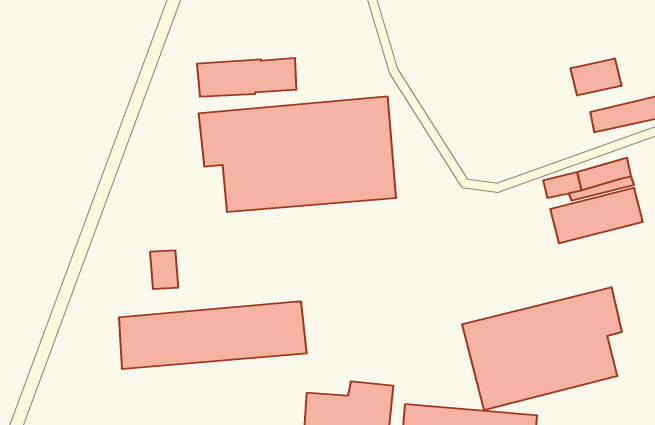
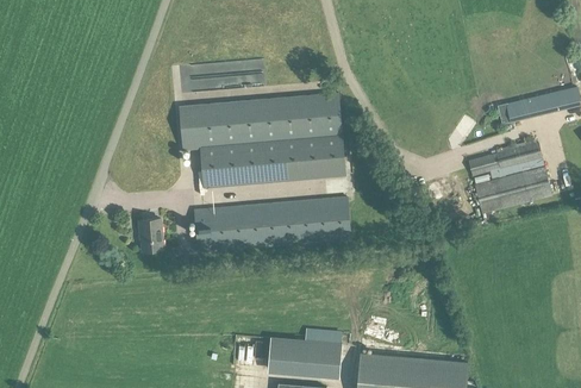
building: [571,58,621,96] -> none
building: [462,287,622,410] -> none
building: [119,302,307,369] -> [194,196,351,252]

